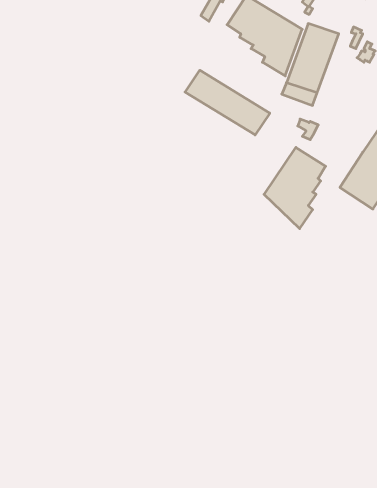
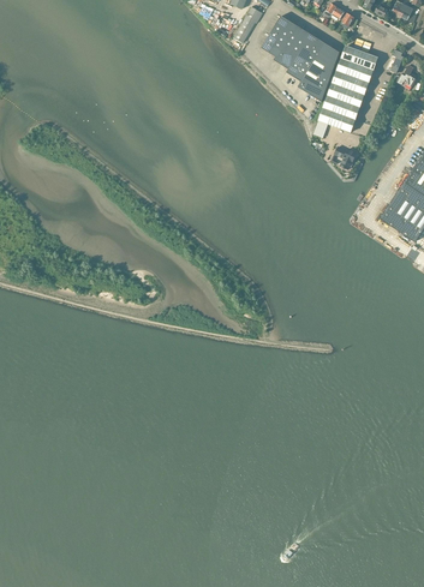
building: [185,70,270,135] -> none
building: [264,147,326,229] -> none

